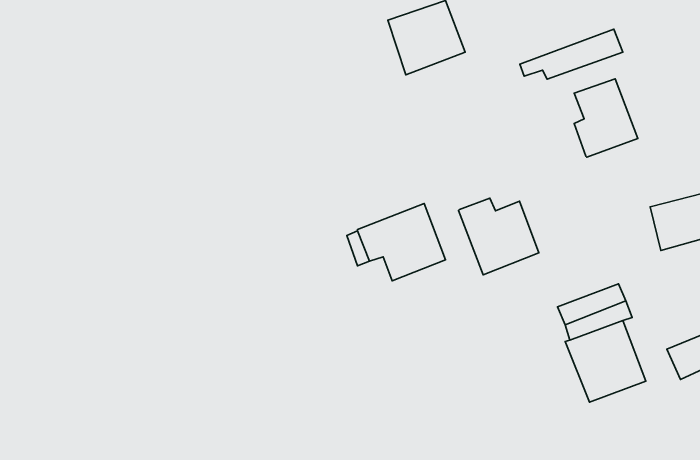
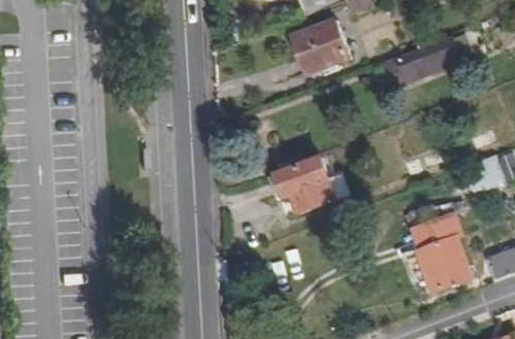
building: [574,79,638,157] -> none
building: [458,198,539,275] -> none

